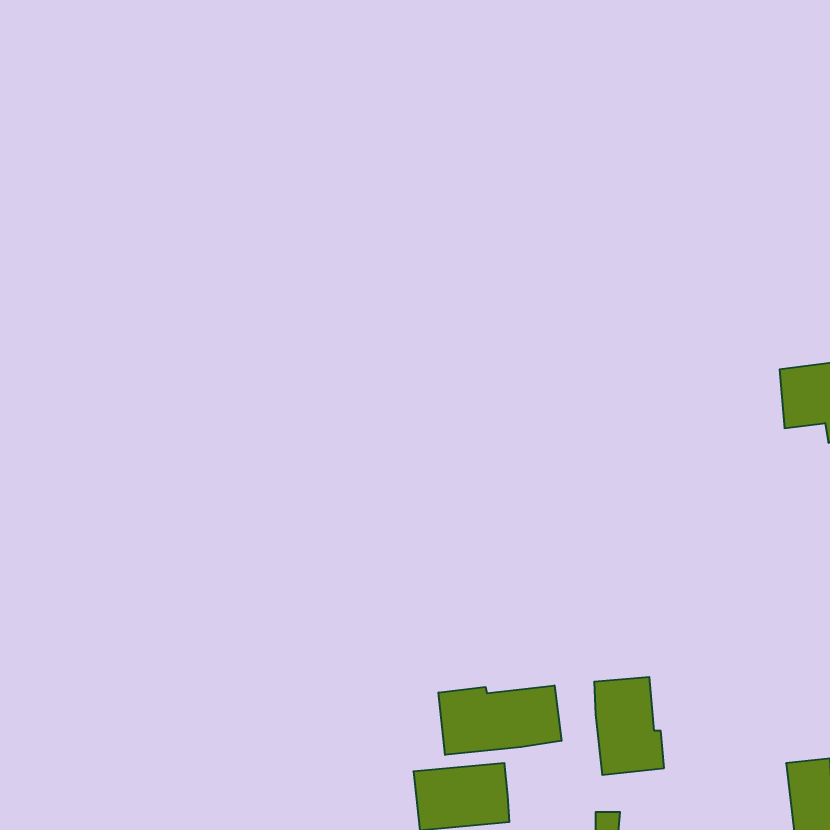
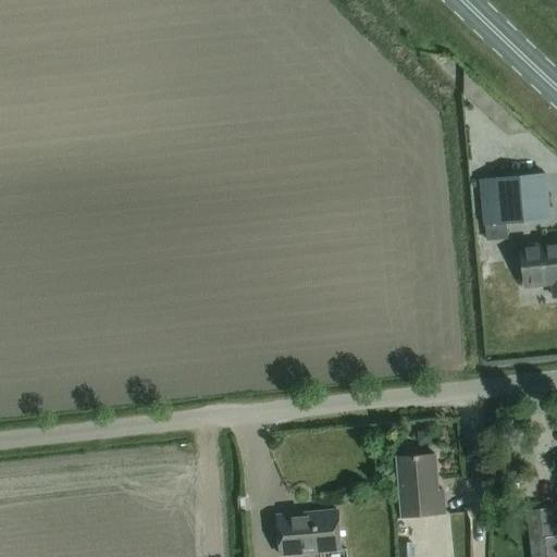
building: none -> [481,174,550,242]
building: [439,685,561,755] -> none

